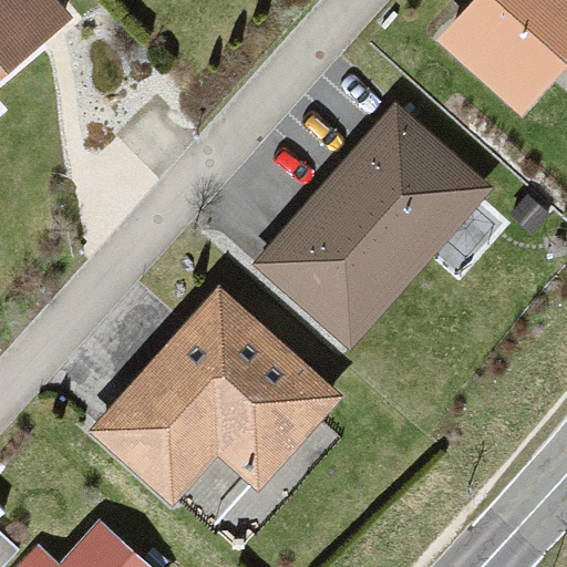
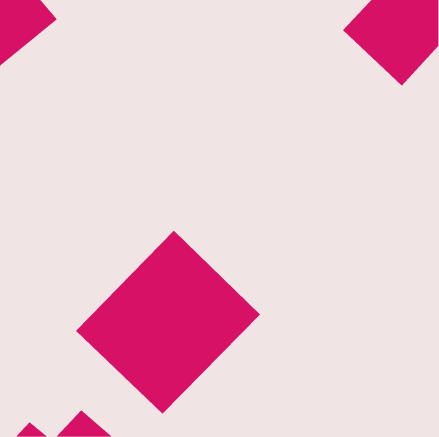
building: [260,106,488,340] -> none

